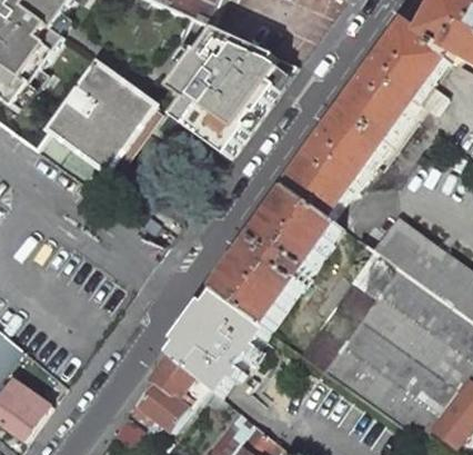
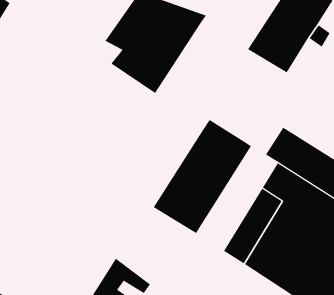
building: [46,58,159,171] -> none
building: [286,108,388,219] -> none
building: [167,290,266,395] -> none

